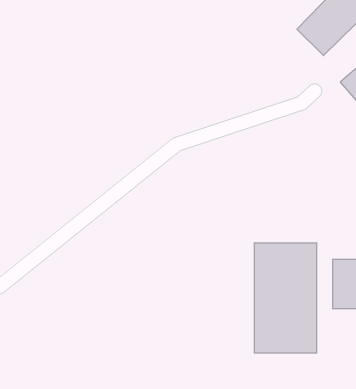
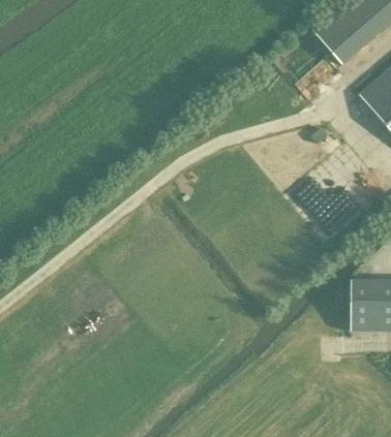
building: [254,243,317,353] -> none

